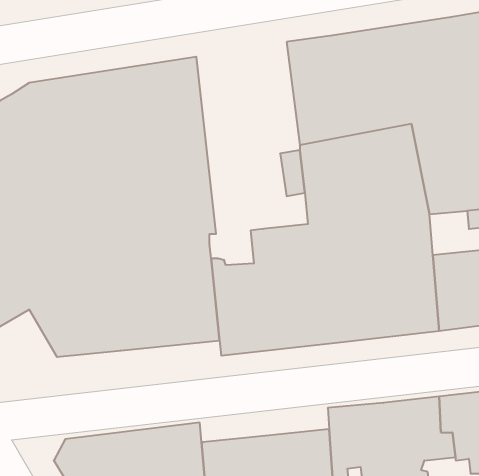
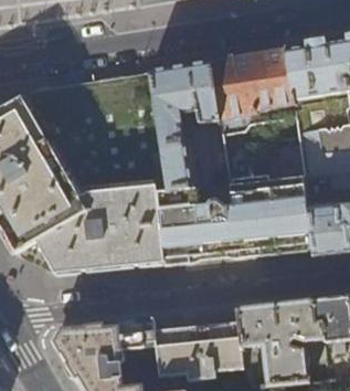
building: none -> [150,61,219,190]

